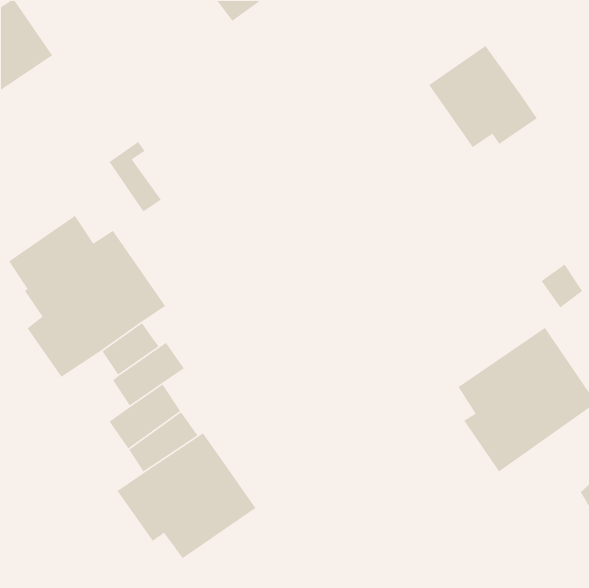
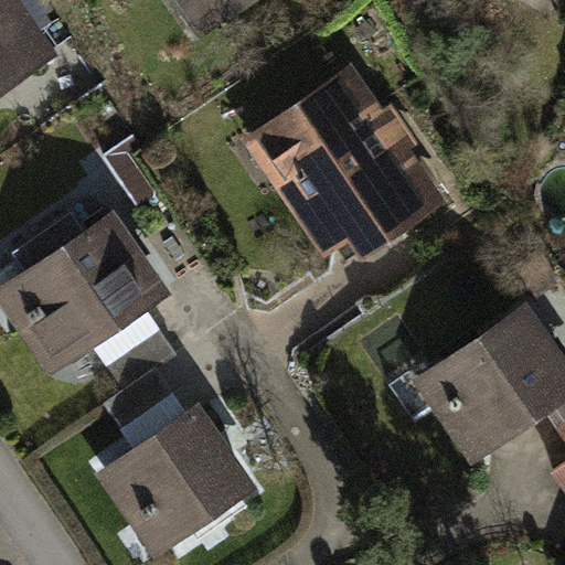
building: [428,45,538,148] -> none
building: none -> [256,76,434,246]

